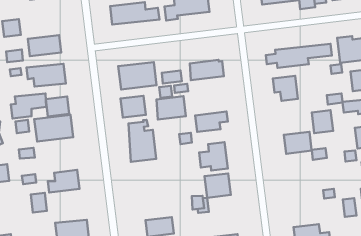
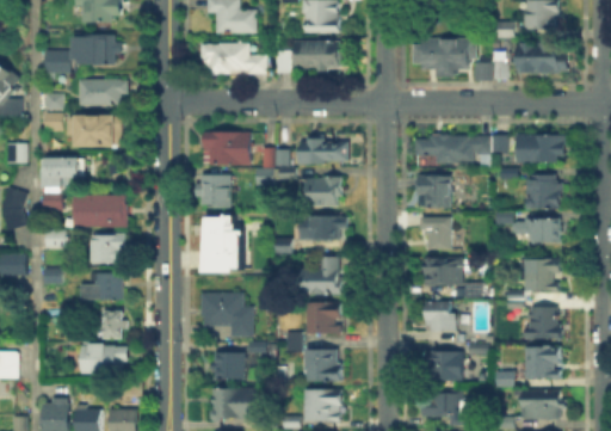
building: none -> [75,33,117,64]
building: [156,96,186,119] -> [300,178,340,207]
building: [46,97,69,116] -> [94,235,125,260]
building: [312,110,333,133] -> [424,218,451,248]
building: none -> [424,303,455,333]
building: none -> [202,294,254,337]
building: [31,193,47,213] -> [105,312,125,338]
building: none -> [427,352,462,382]
building: none -> [307,352,340,381]

